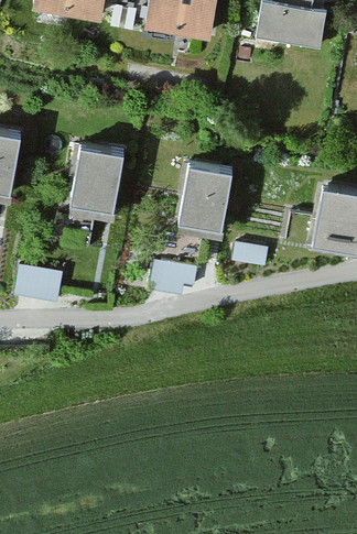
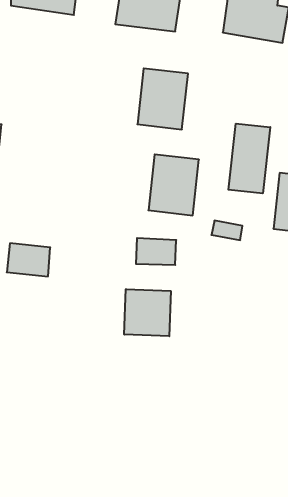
building: none -> [228,124,270,193]
building: [68,146,122,211] -> [137,68,188,129]
building: none -> [124,289,171,336]

